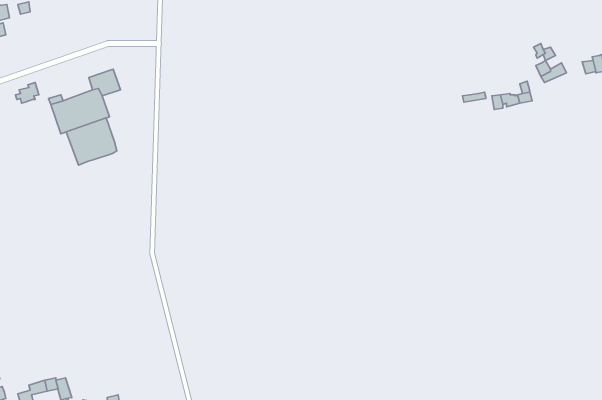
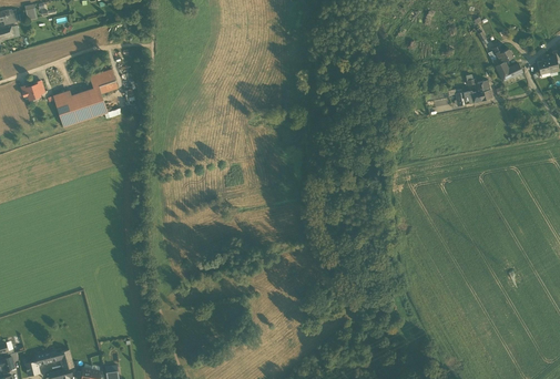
building: [66,118,117,165] -> none

